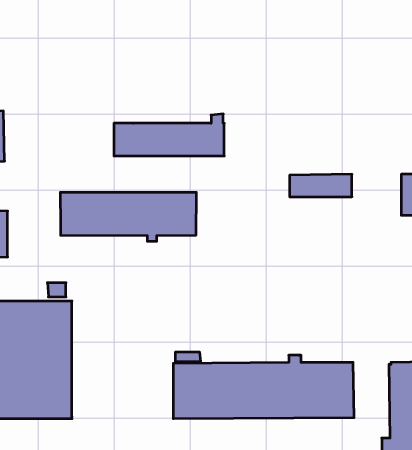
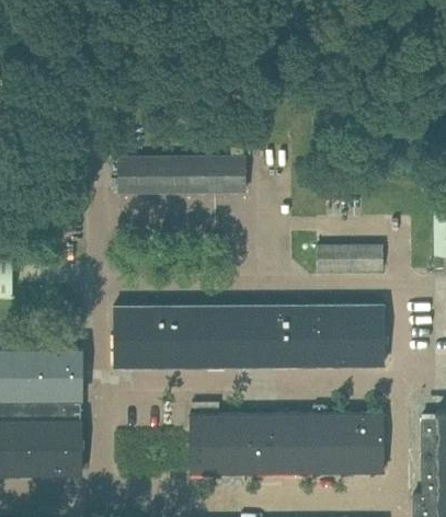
building: [290,174,352,197] -> [316,246,382,271]
building: [60,192,196,241] -> none
building: none -> [113,305,382,368]

